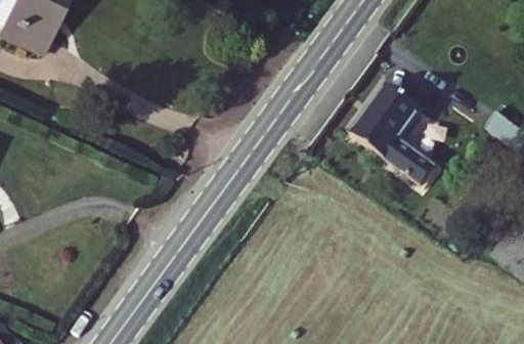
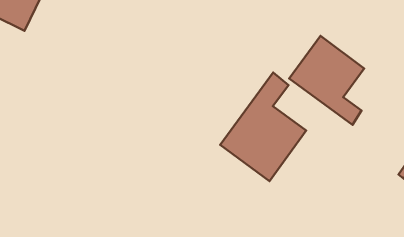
building: none -> [220,72,306,181]

